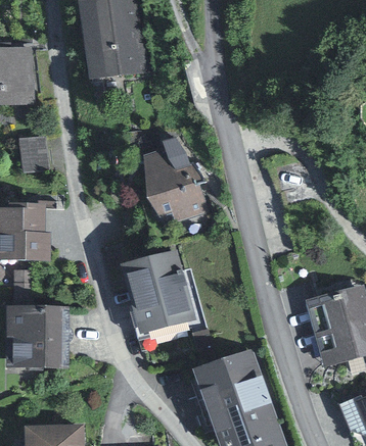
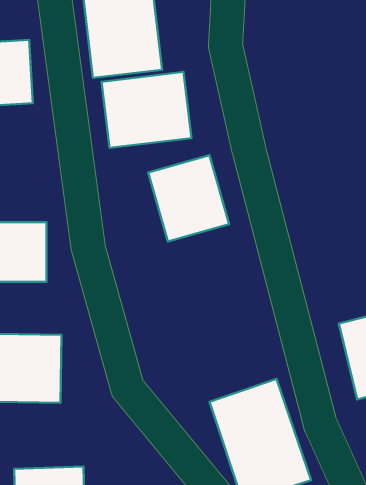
building: none -> [102,72,191,148]
building: [17,132,47,174] -> none
building: [119,247,192,333] -> none

